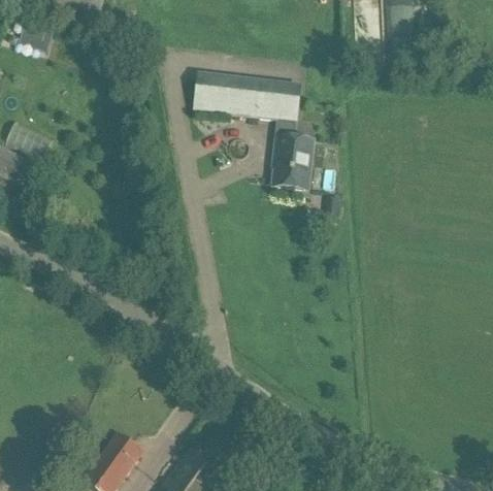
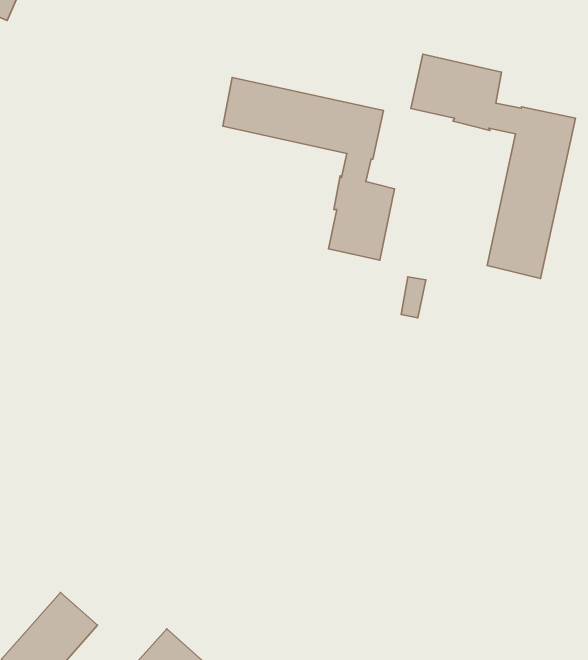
building: none -> [411,54,575,279]

